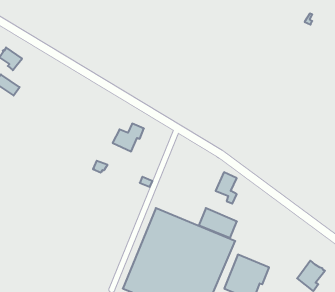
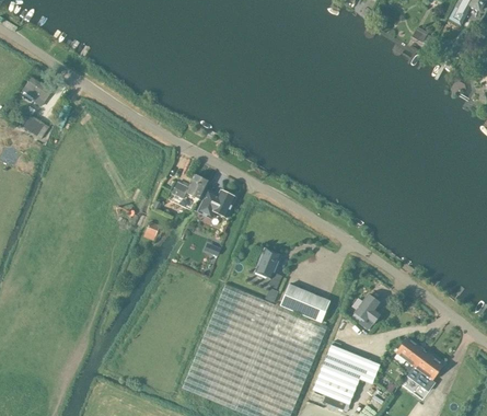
building: none -> [197,189,235,217]
building: [216,172,237,204] -> [254,247,281,288]
building: none -> [353,294,380,330]
building: none -> [395,337,425,372]

